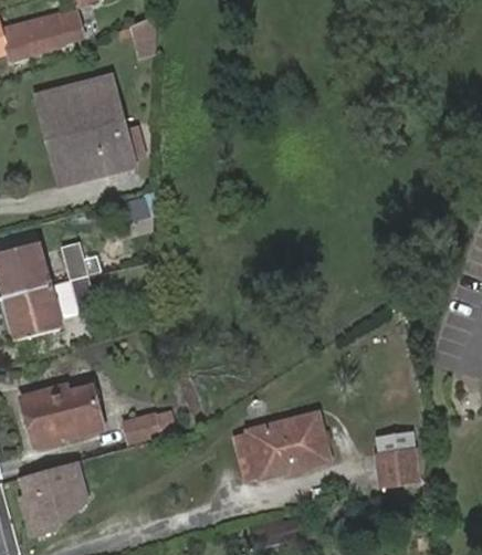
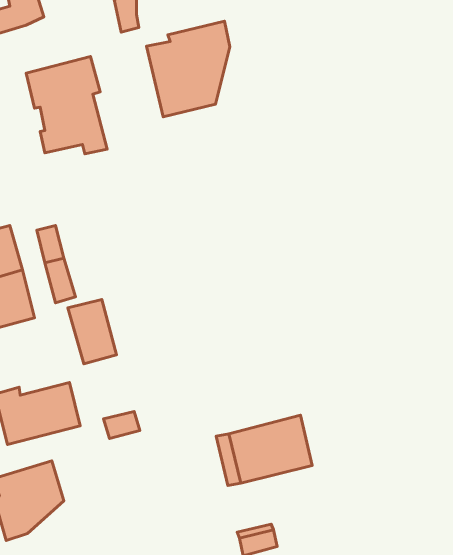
building: none -> [147,21,230,117]
building: [42,94,108,182] -> none
building: none -> [68,300,116,364]
building: [375,432,418,485] -> none

